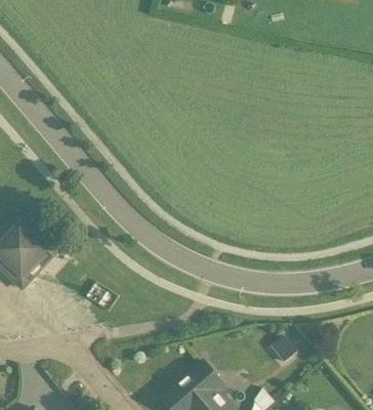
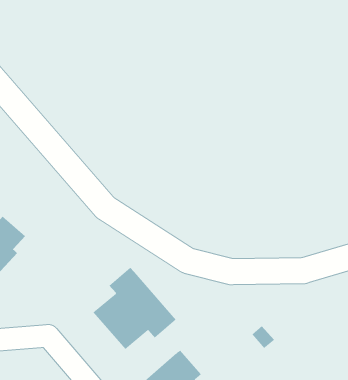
building: none -> [93,267,176,350]

